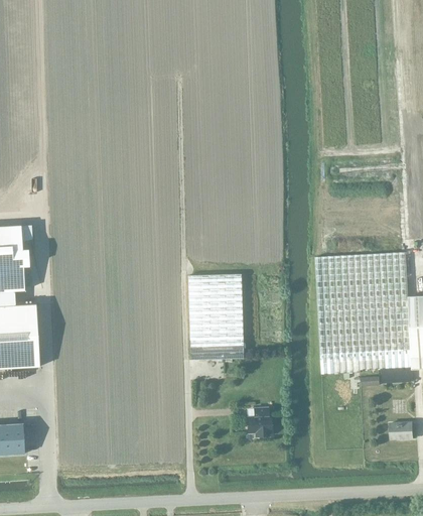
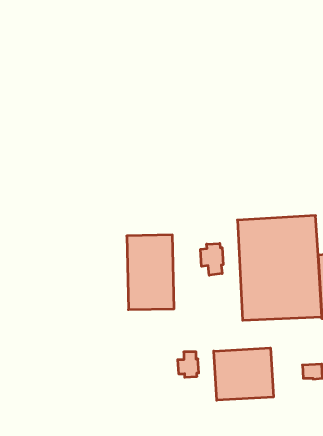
building: none -> [201,243,223,275]
building: none -> [214,348,273,400]

